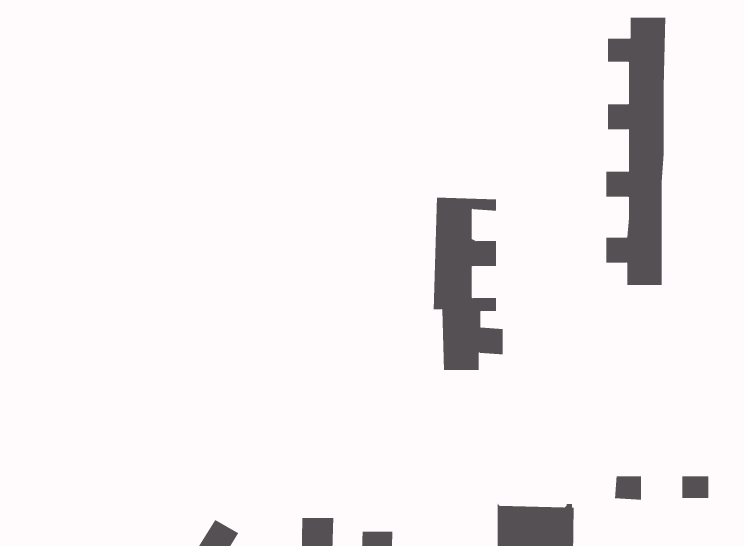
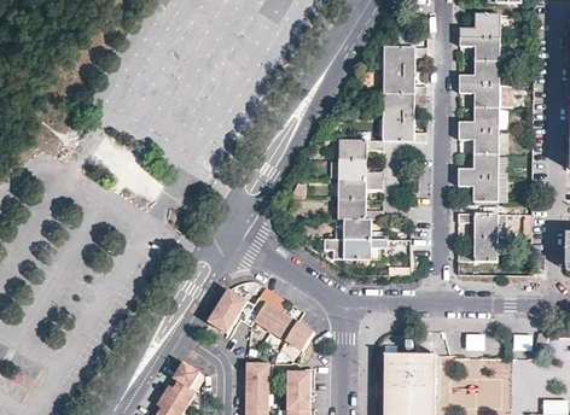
building: none -> [382,46,426,140]
building: none -> [456,212,498,259]
building: none -> [207,288,313,350]

